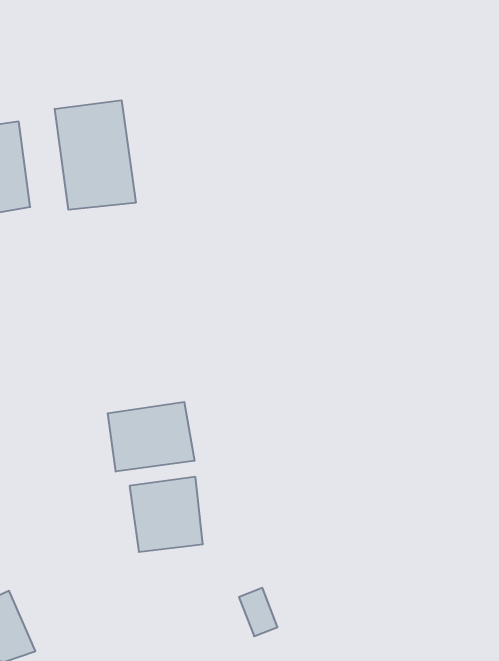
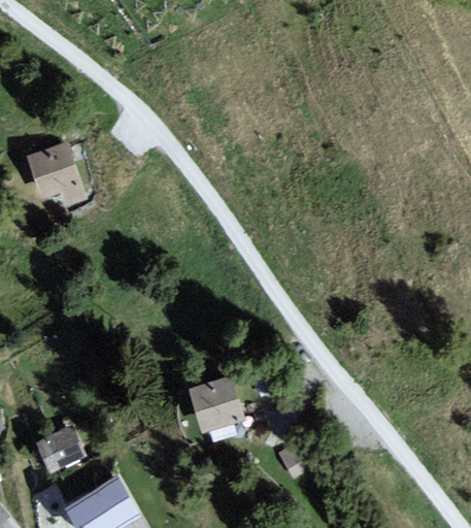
building: [55,100,136,210] -> none
building: [108,402,195,472] -> none

